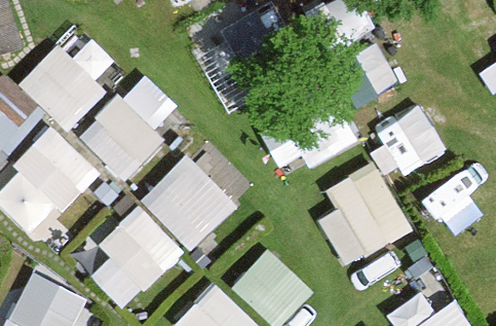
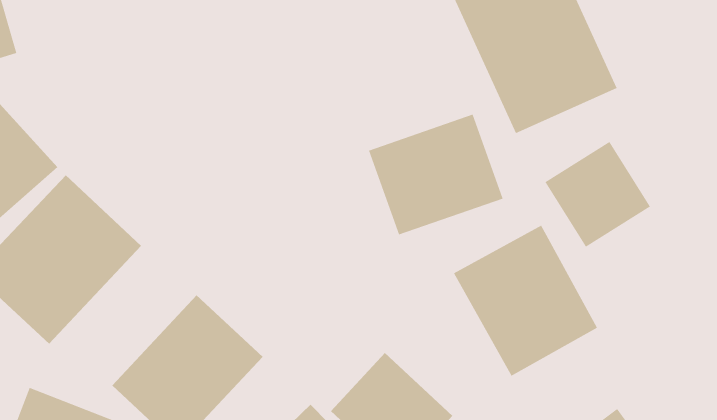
building: [15,38,120,128] -> none
building: [73,94,161,181] -> none
building: [139,152,239,252] -> none

